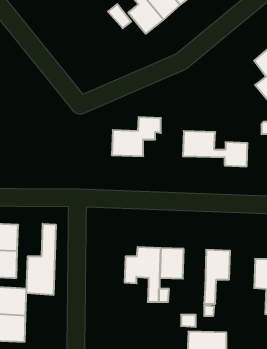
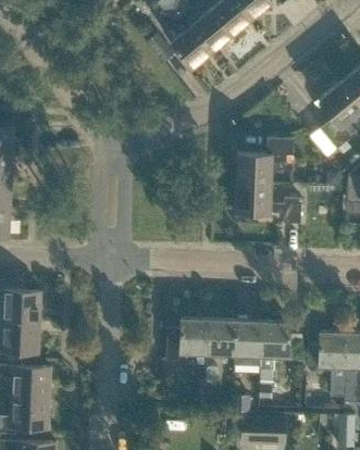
building: [112,117,161,156] -> [236,138,294,184]
building: [26,224,56,295] -> none
building: none -> [234,321,262,366]

